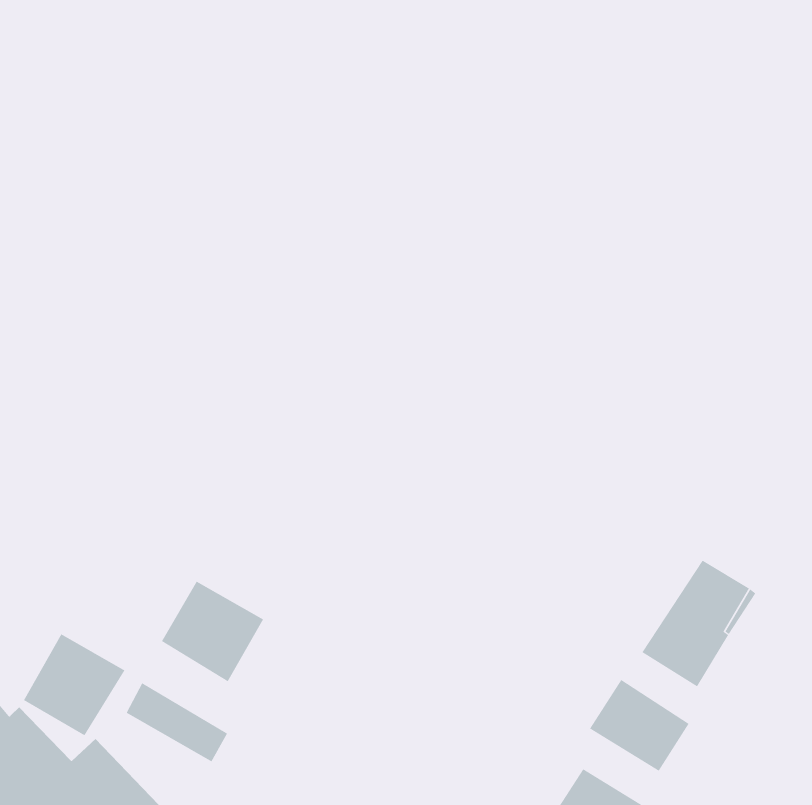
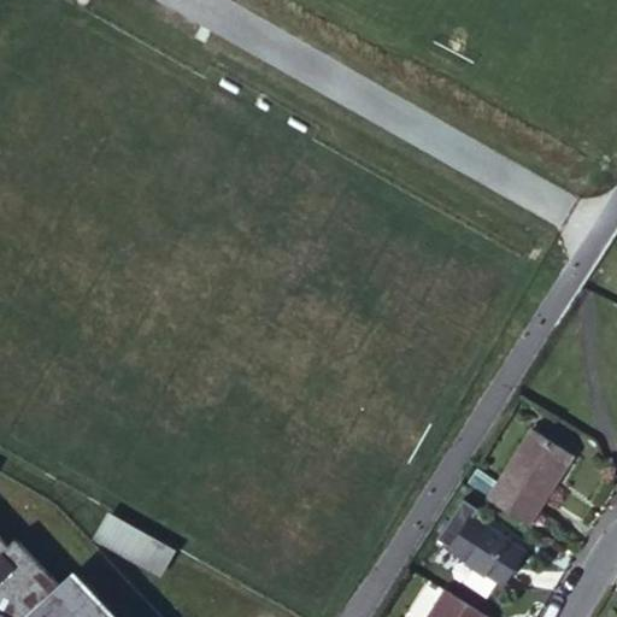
building: [161,581,264,682] -> none
building: [23,633,125,736] -> none

